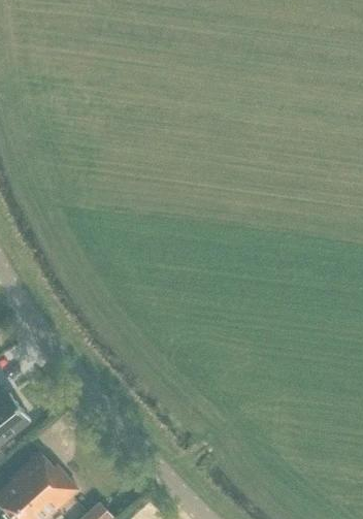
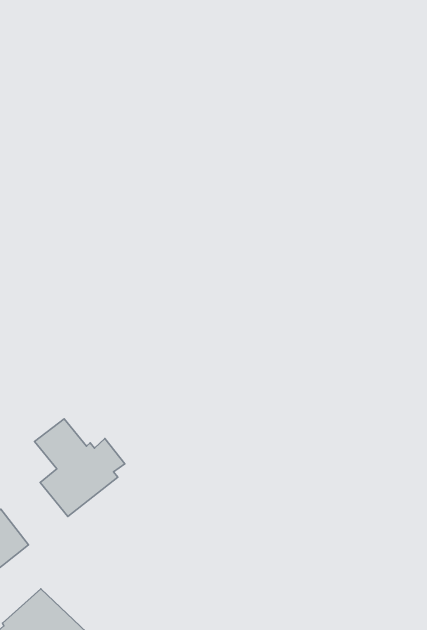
building: none -> [35,419,125,516]

